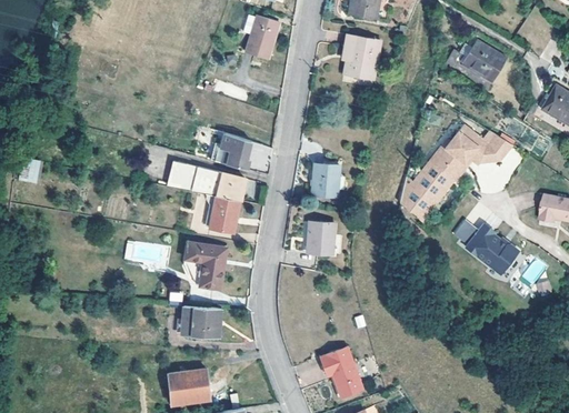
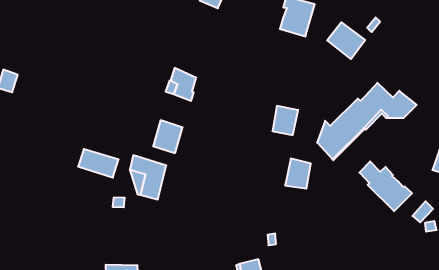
building: [462,39,507,81] -> [327,22,365,59]
building: [168,160,246,201] -> none
building: [312,163,340,195] -> [272,106,298,135]
building: [307,220,335,253] -> [285,159,311,189]
building: [181,304,222,335] -> none

